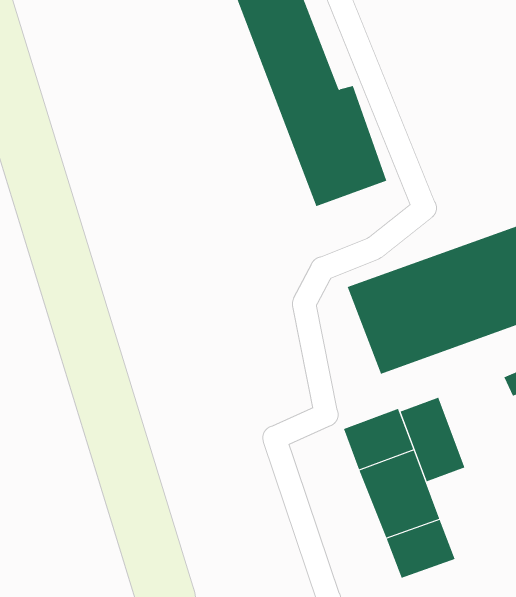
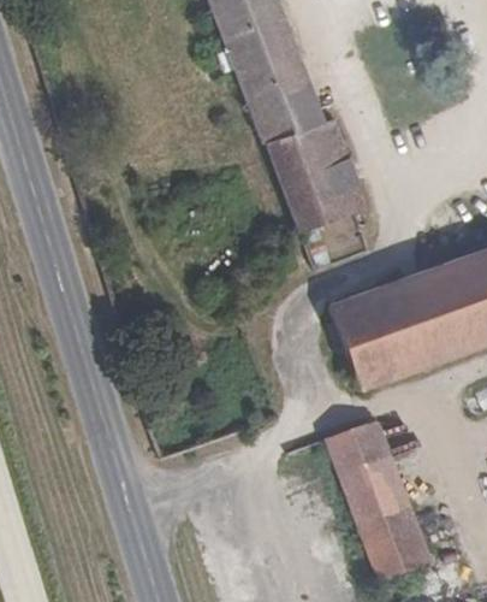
building: [400,397,465,482] -> none

